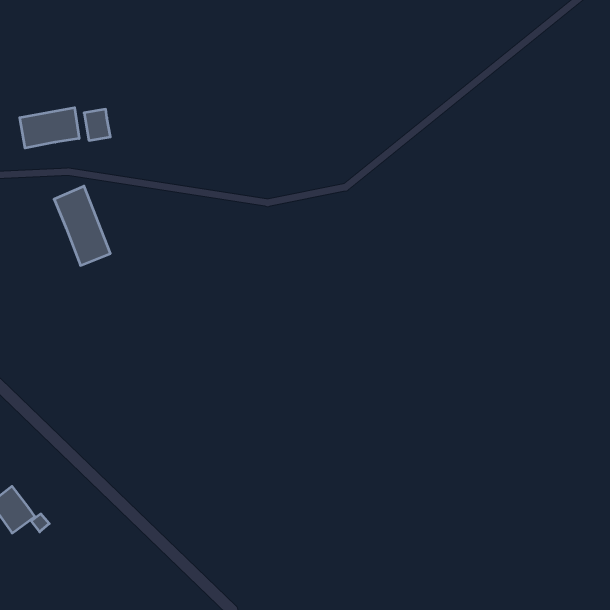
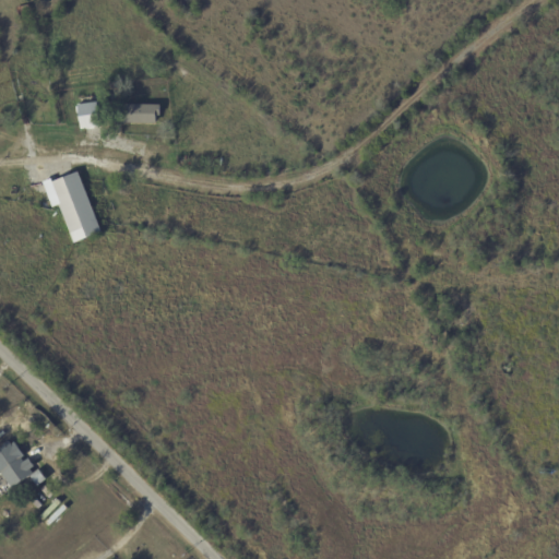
building: [20,108,79,148] -> none
building: none -> [121,103,159,122]

